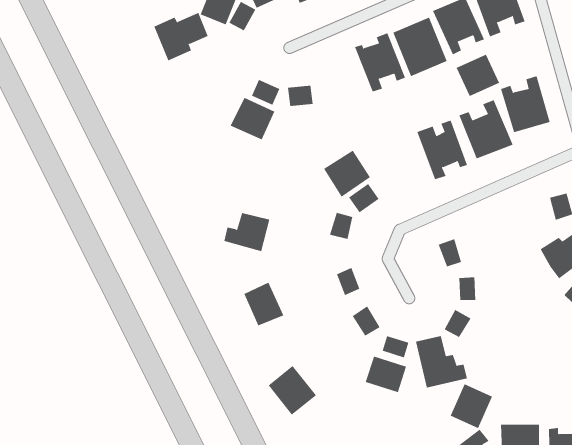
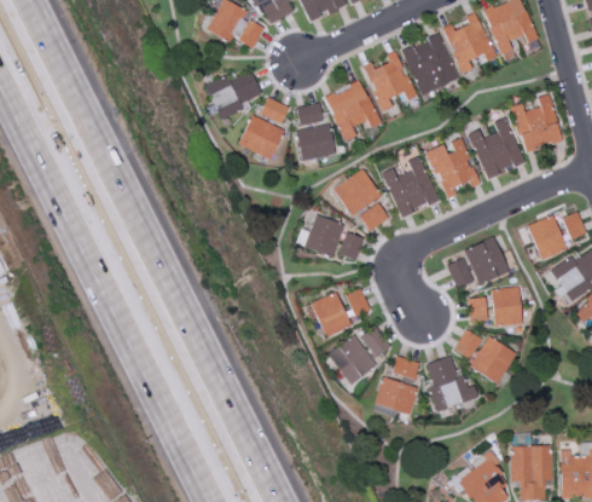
building: [153,12,208,61] -> [205,70,261,120]
building: [456,54,500,97] -> none
building: none -> [325,80,379,140]
building: none -> [296,125,335,158]
building: none -> [382,156,439,218]
building: none -> [526,214,568,260]
building: [223,212,270,252] -> [296,215,343,255]
building: none -> [465,237,507,283]
building: none -> [492,287,521,325]
building: [244,282,284,326] -> [310,292,352,336]
building: [268,365,317,416] -> [327,334,377,385]
building: [450,383,493,429] -> [471,336,515,382]

